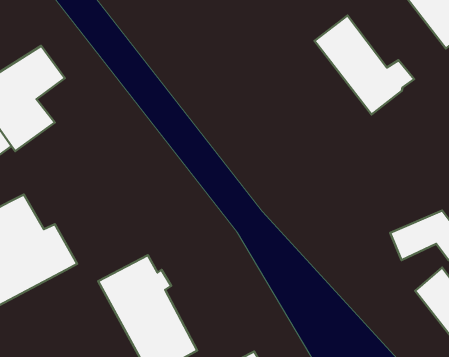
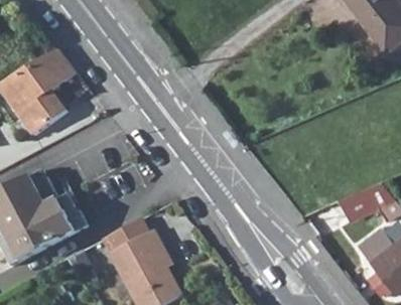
building: [314,16,414,115] -> none

